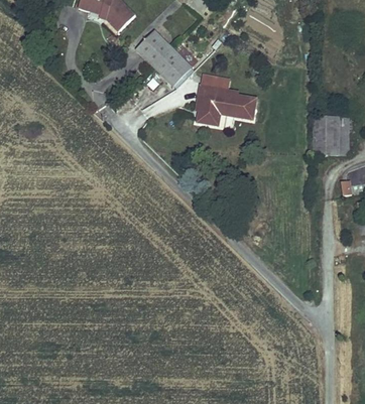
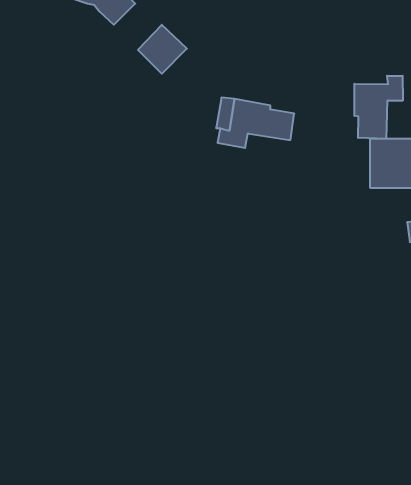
building: [153,48,190,85] -> none
building: none -> [354,76,403,139]

